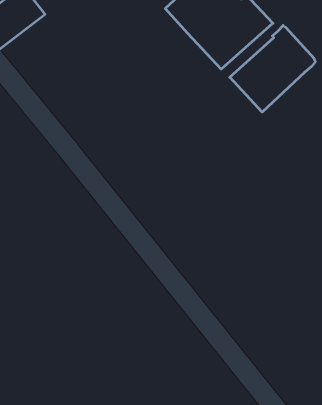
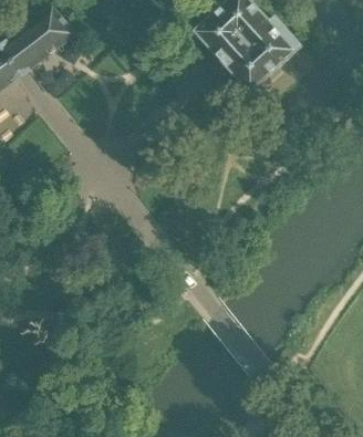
building: [230,25,315,112] -> none

